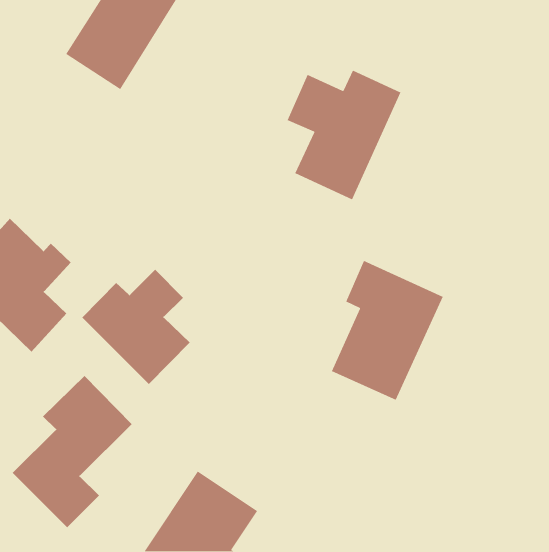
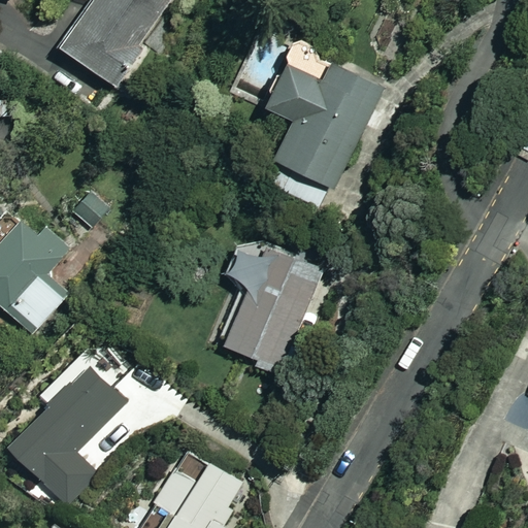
building: [331,260,444,401] -> [214,237,322,371]
building: [82,269,191,385] -> none

